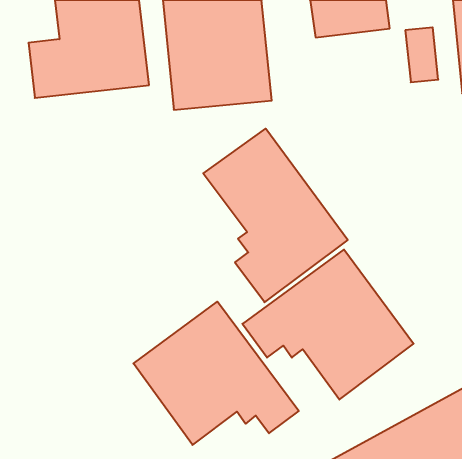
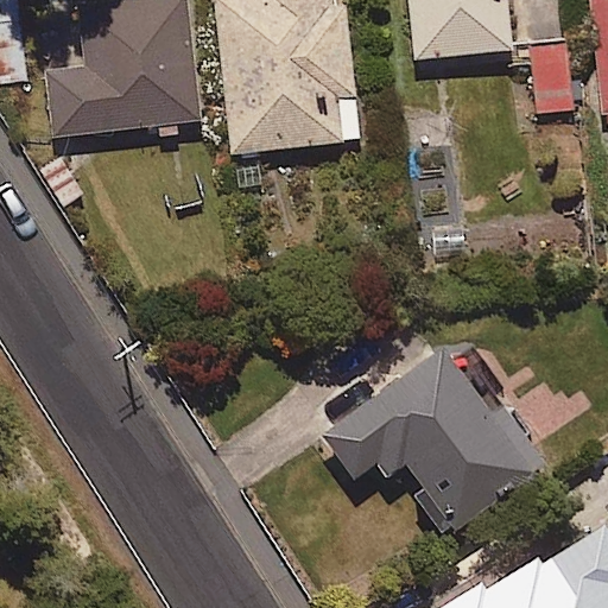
building: [203,129,348,302] -> none
building: [133,302,299,445] -> none

